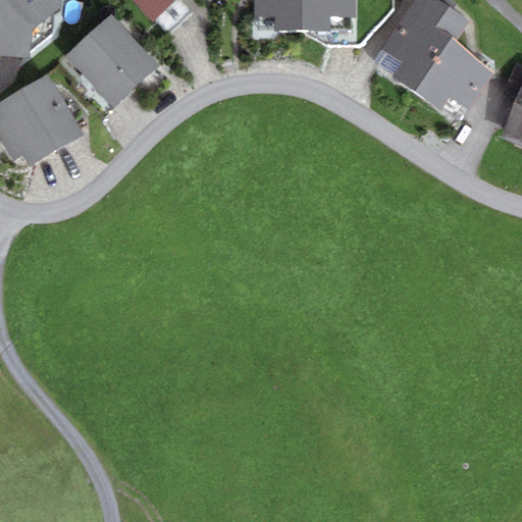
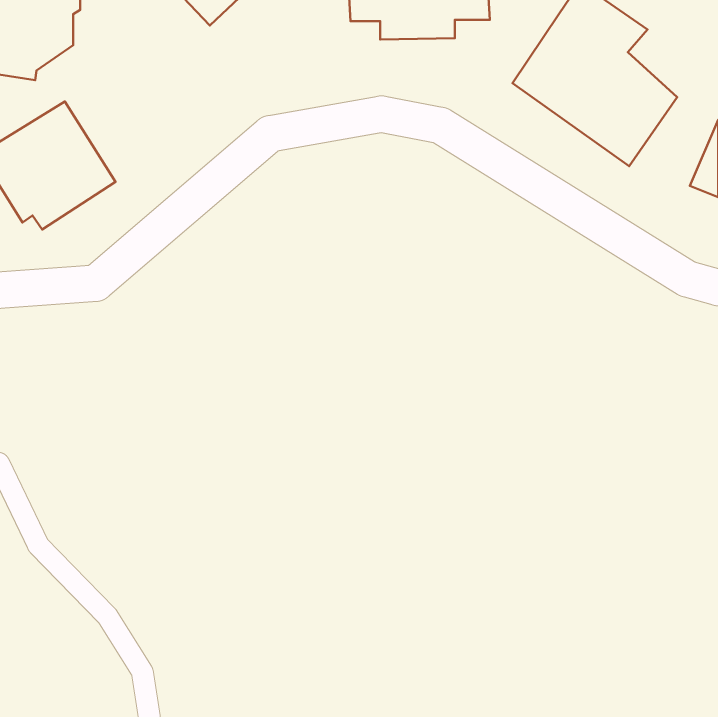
building: [64,12,159,107] -> none

